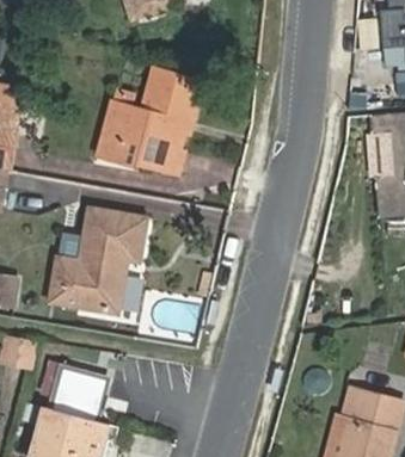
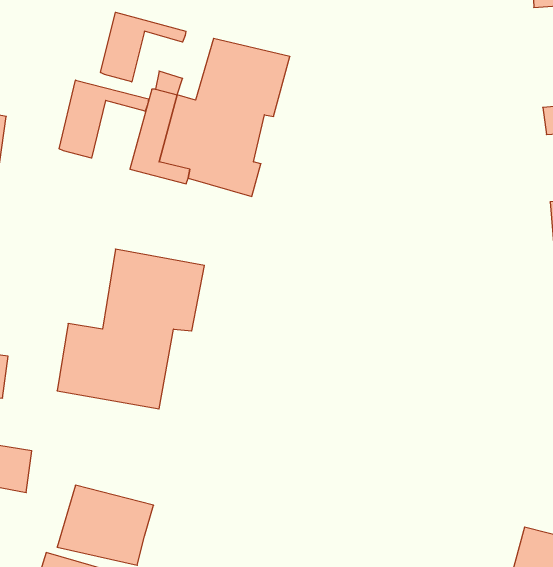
building: none -> [101,12,186,82]
building: none -> [59,80,148,158]

